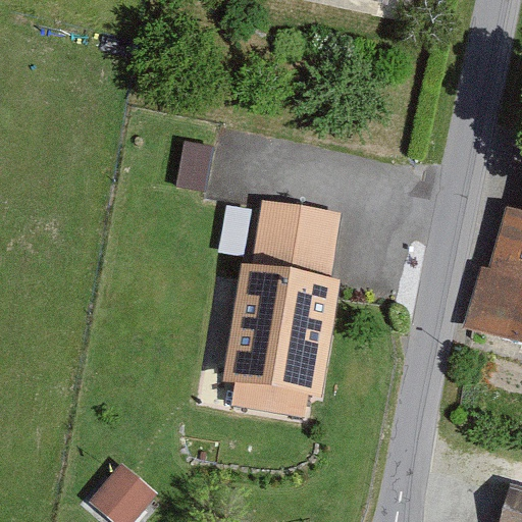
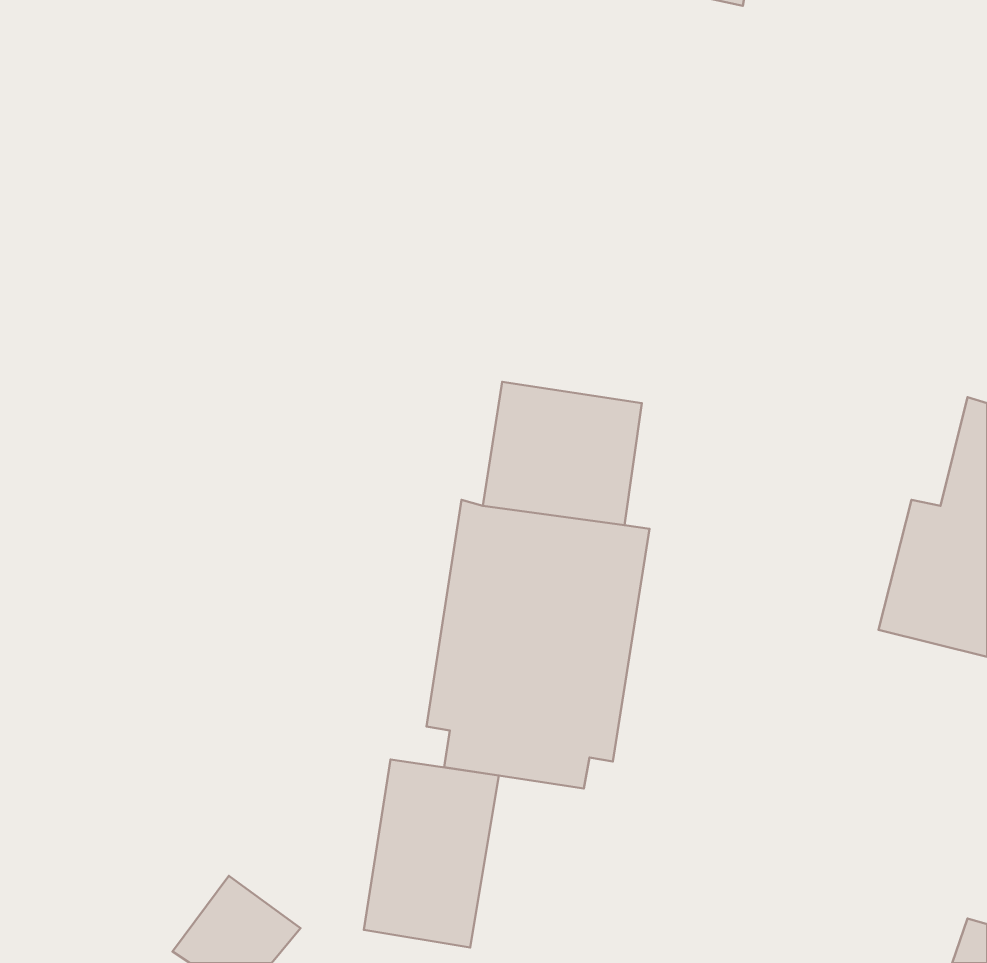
building: none -> [364,759,499,948]

